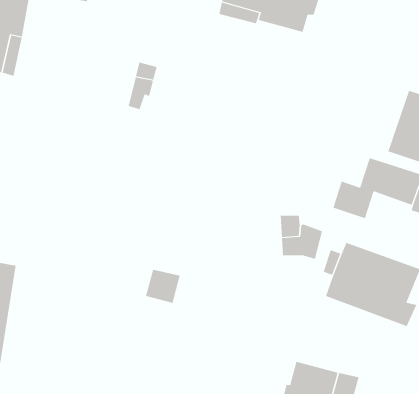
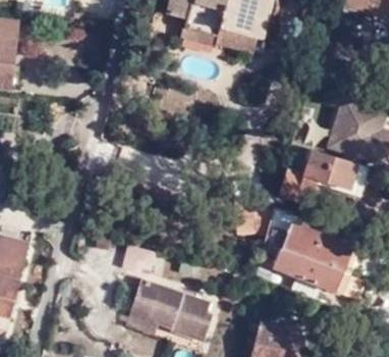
building: none -> [127,277,212,338]

